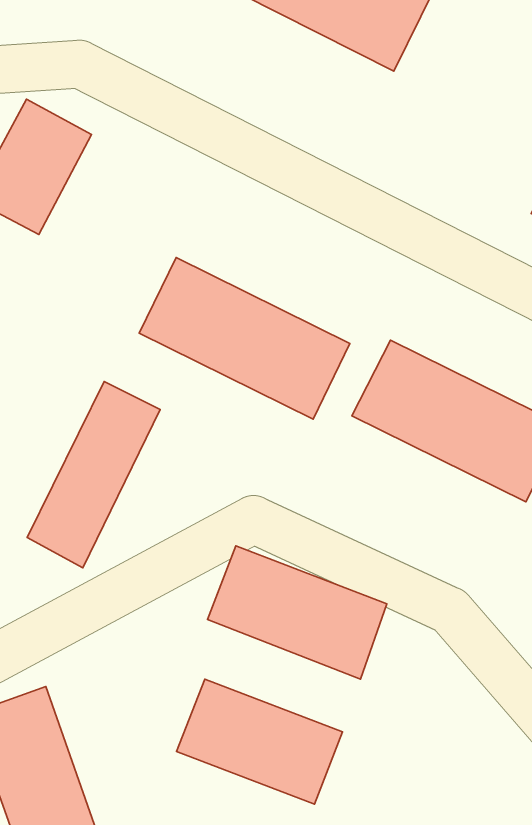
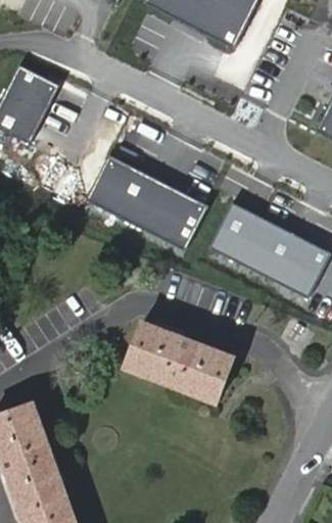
building: [27,381,160,568] -> none
building: [177,679,343,804] -> none

